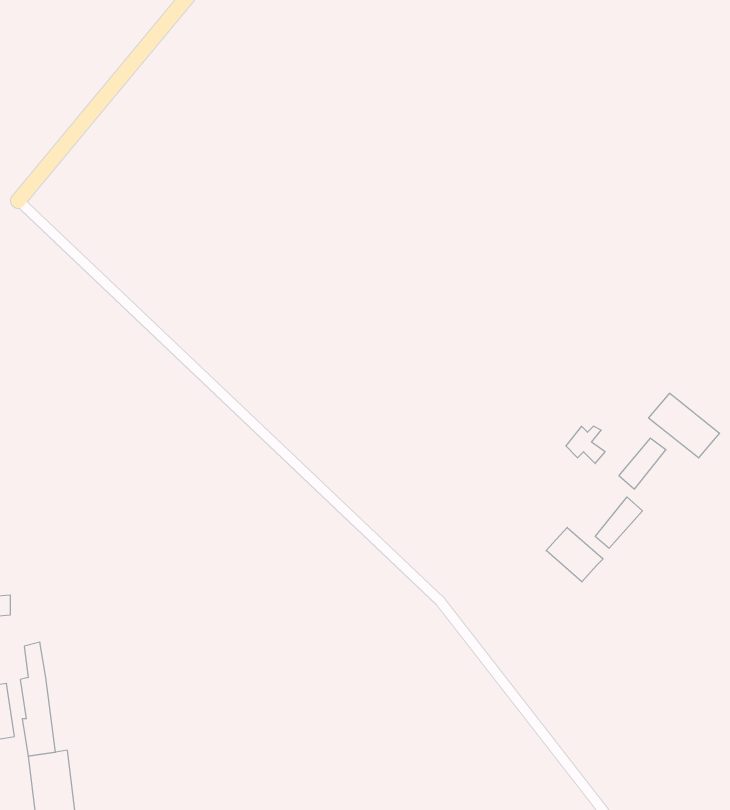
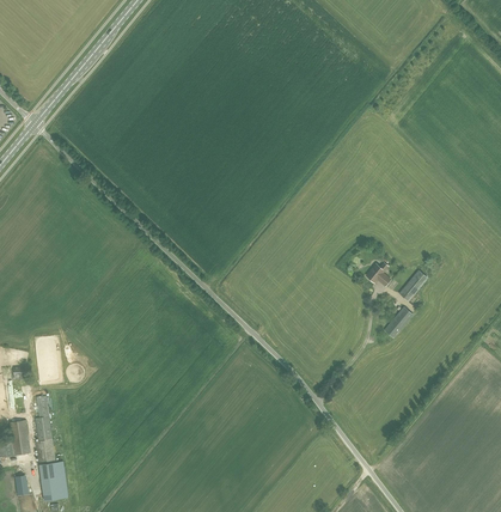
building: [649,393,720,458] -> none
building: [546,527,603,582] -> none

